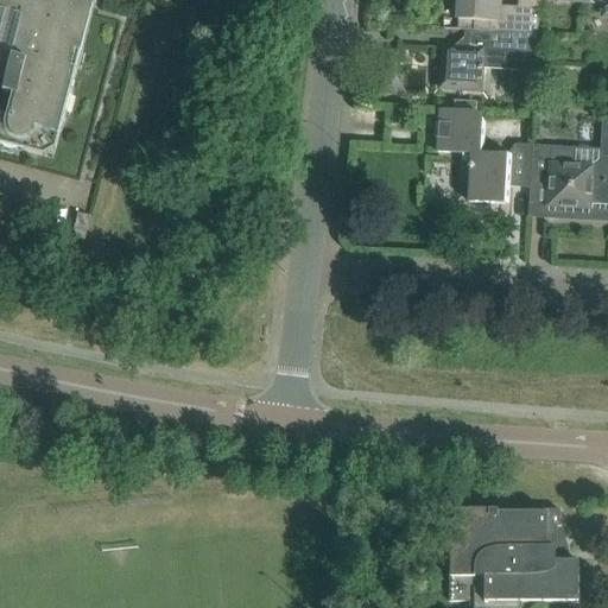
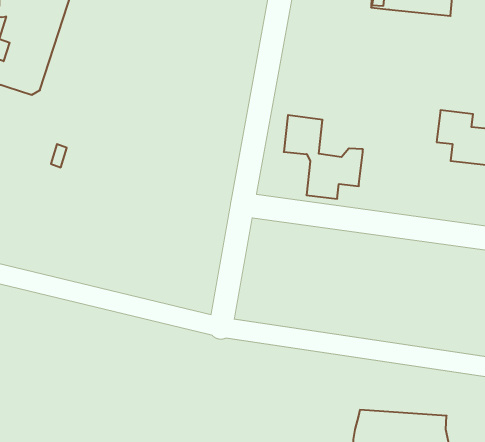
building: [438,28,537,88] -> none
building: [437,106,531,202] -> [284,115,363,199]

